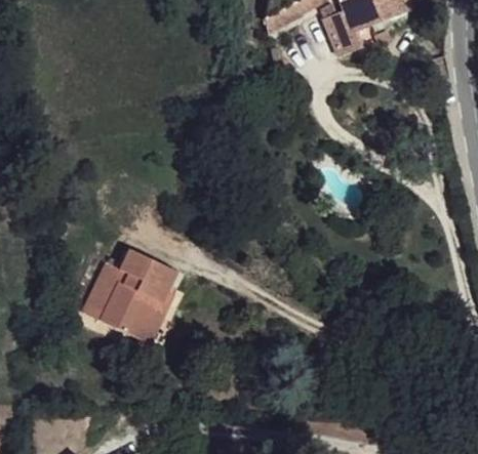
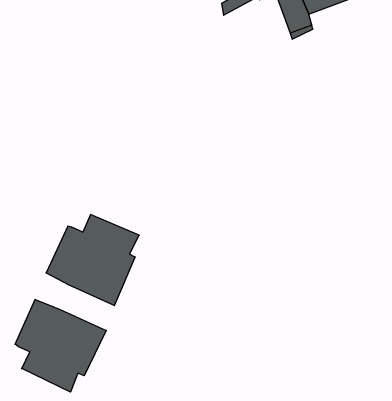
building: none -> [15,299,106,392]

